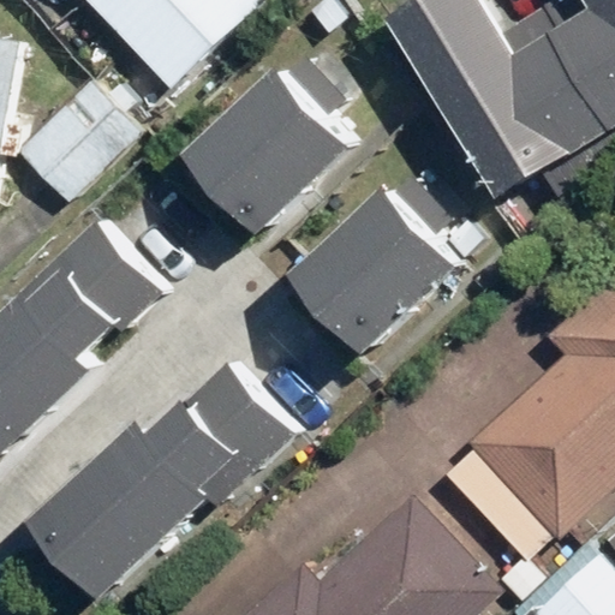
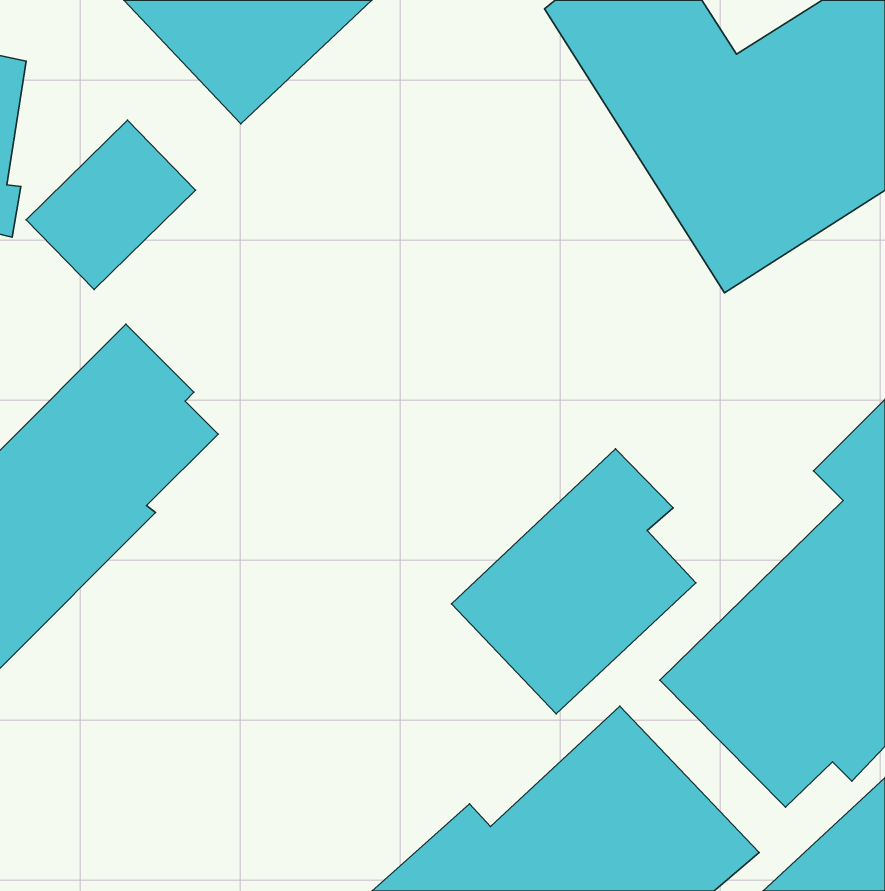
building: [178,50,347,234] -> none
building: [286,174,454,357] -> [452,449,696,714]
building: [17,364,282,604] -> none

